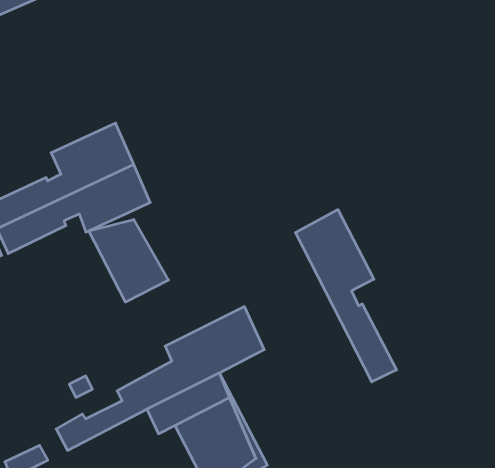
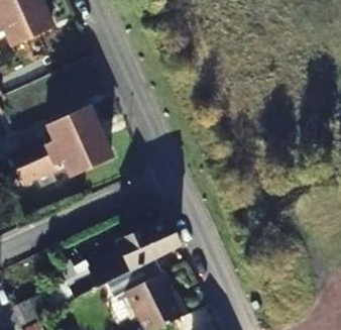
building: [295,210,397,382] -> none
building: [89,219,169,302] -> none

